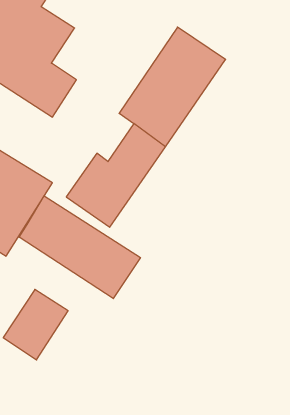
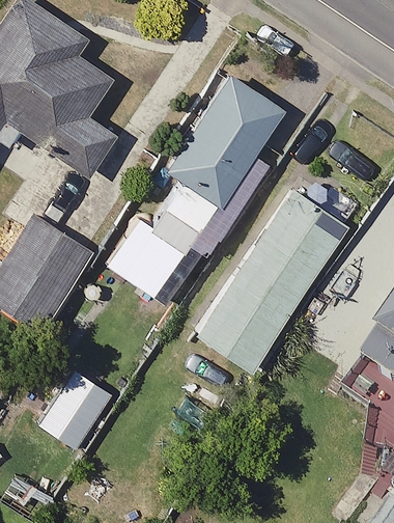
building: none -> [195,189,347,369]
building: [19,196,140,299] -> none

